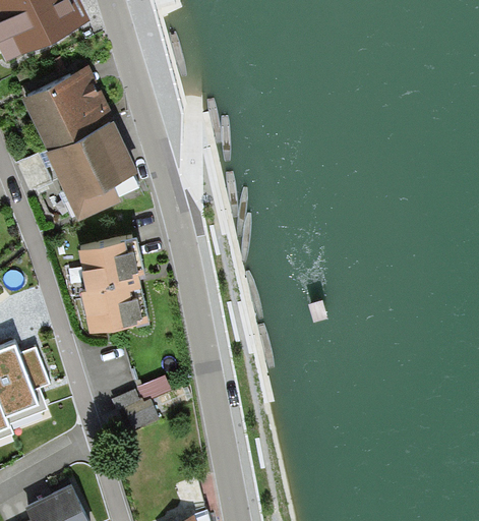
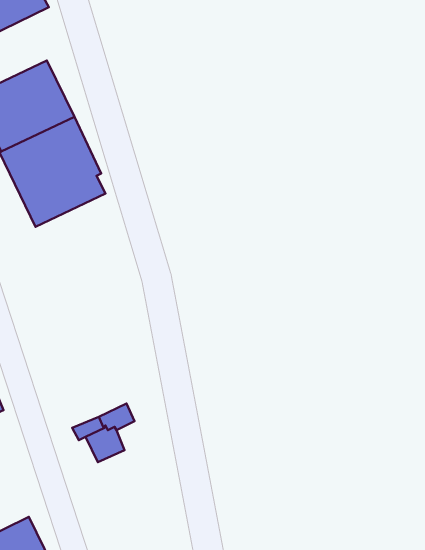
building: [76,233,148,330] -> none

